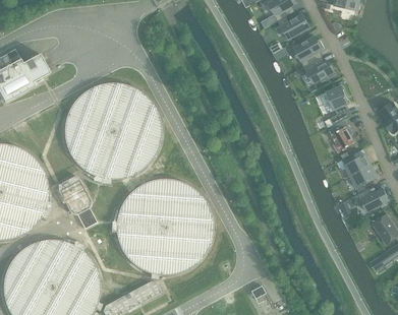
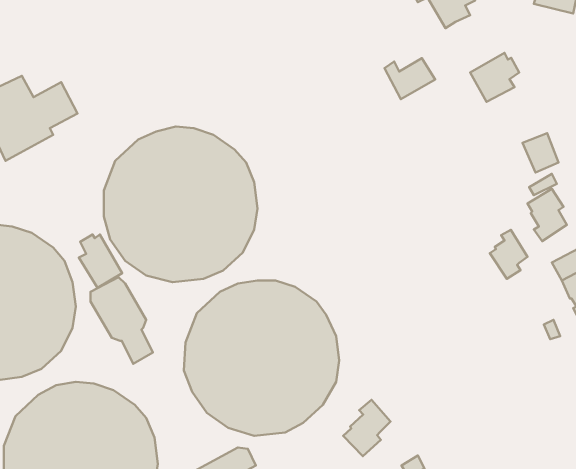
building: [278,14,309,40] -> [384,58,435,99]
building: [303,57,336,83] -> none
building: none -> [490,230,527,279]
building: none -> [79,235,122,288]
building: none -> [343,400,391,456]

